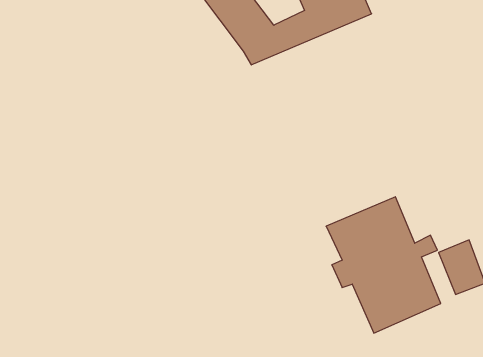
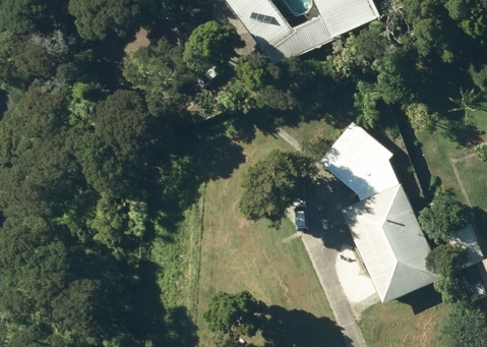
building: none -> [317,120,391,193]

